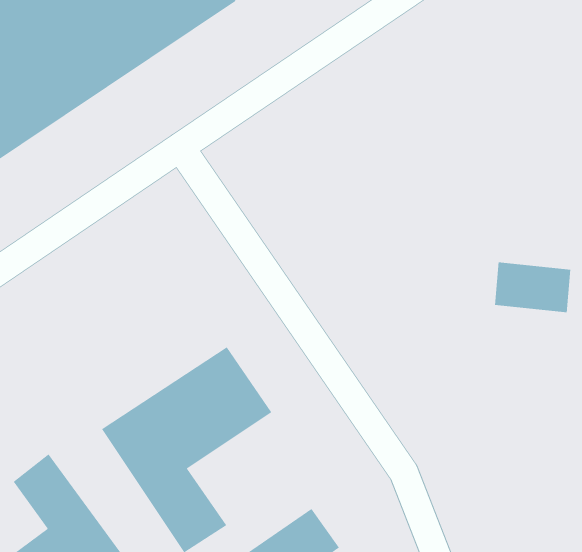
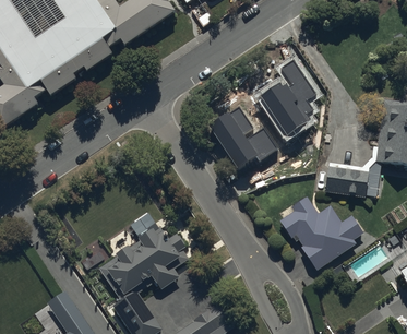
building: none -> [259,57,314,131]
building: none -> [206,103,276,166]
building: none -> [280,199,363,272]

